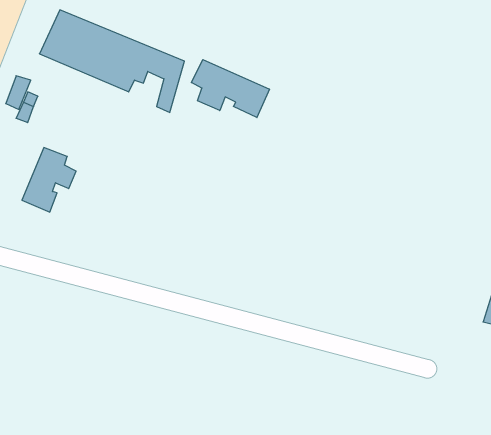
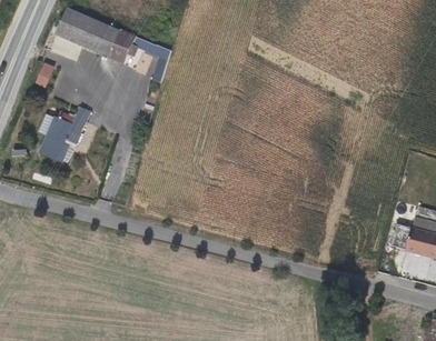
building: [191,60,269,118] -> none

